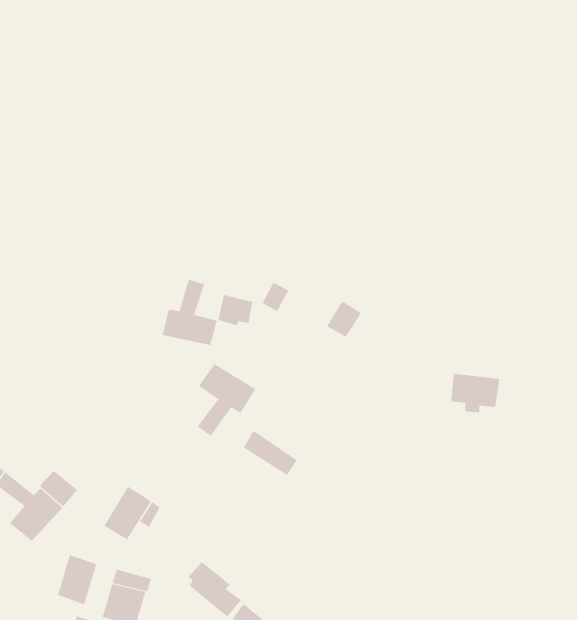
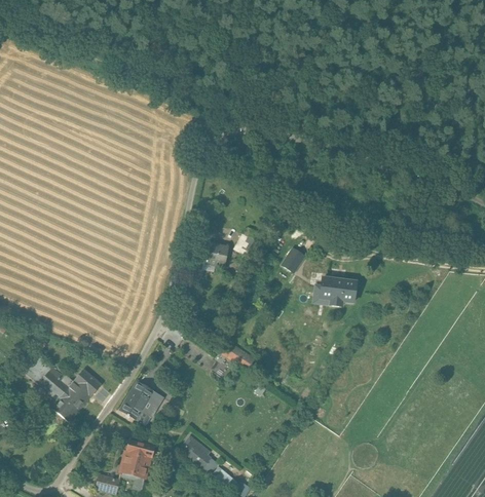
building: [162,279,218,346] -> none
building: [197,363,256,437] -> none
building: [450,373,500,413] -> [321,277,357,306]
building: [57,554,97,605] -> none

